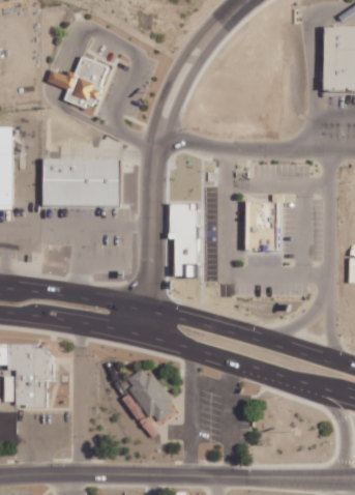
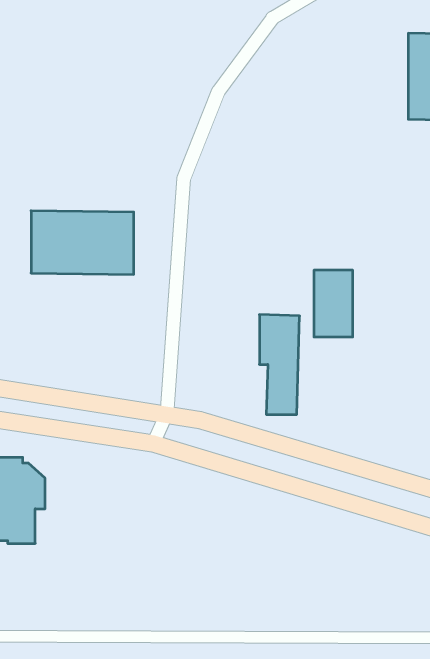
building: [47,56,109,108] -> none
building: [170,202,200,276] -> [259,315,300,414]
building: [126,368,172,421] -> none

